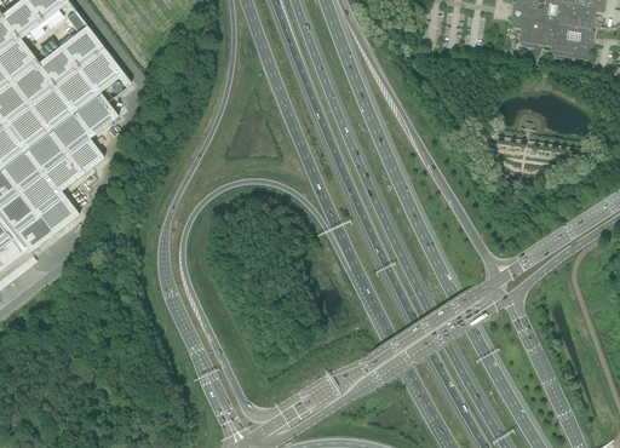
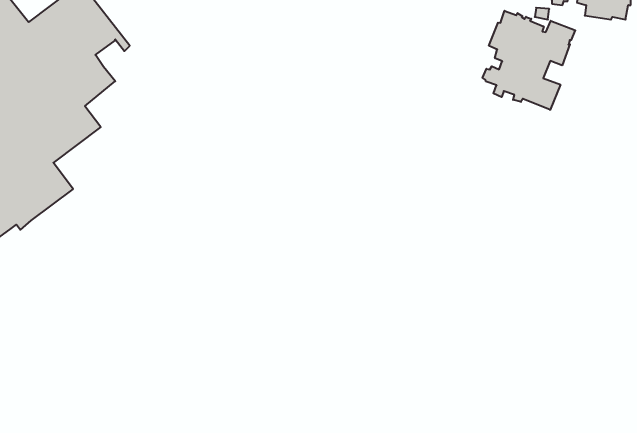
building: none -> [483,11,575,110]

